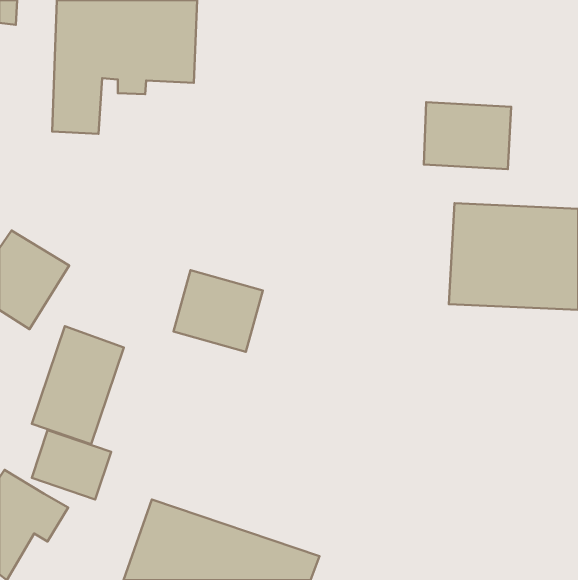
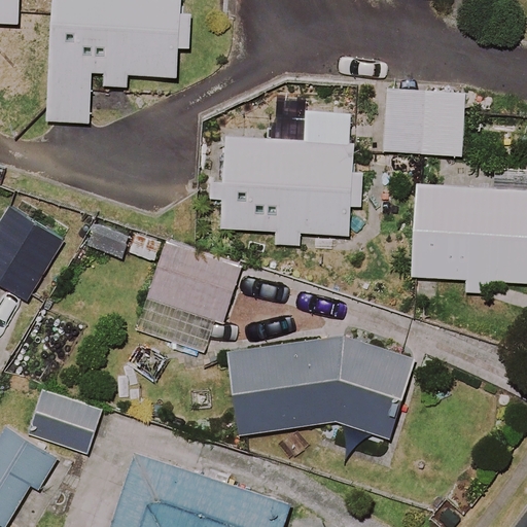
building: none -> [191,112,363,248]
building: [32,326,124,444] -> none
building: none -> [226,340,413,440]

